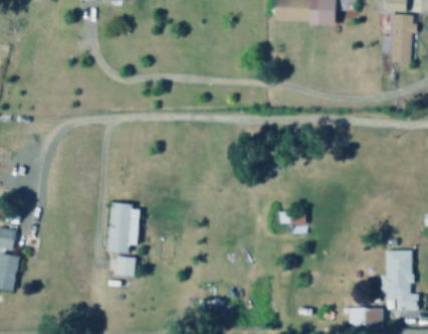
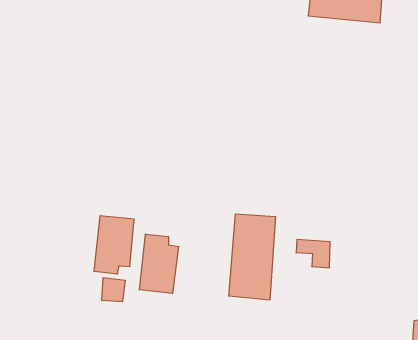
building: none -> [229,214,275,300]
building: none -> [139,234,179,294]

